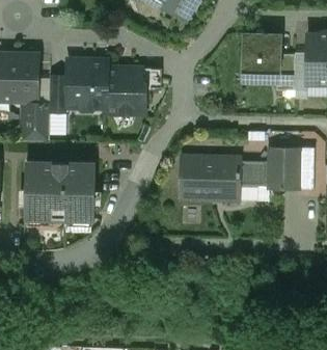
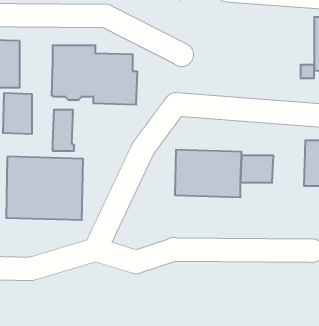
building: [245,33,278,74] -> none
building: [49,75,69,112] -> [53,110,74,151]
building: [269,146,299,189] -> none

